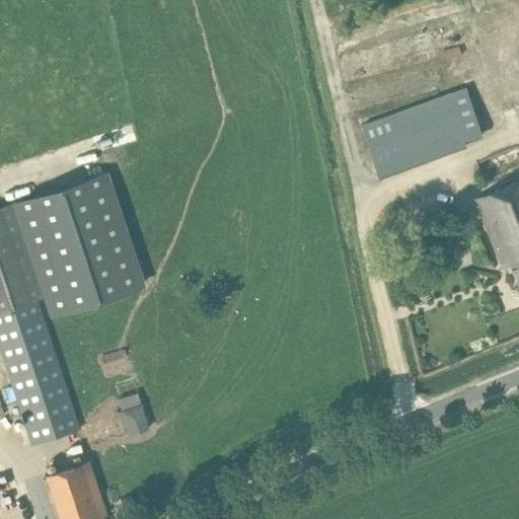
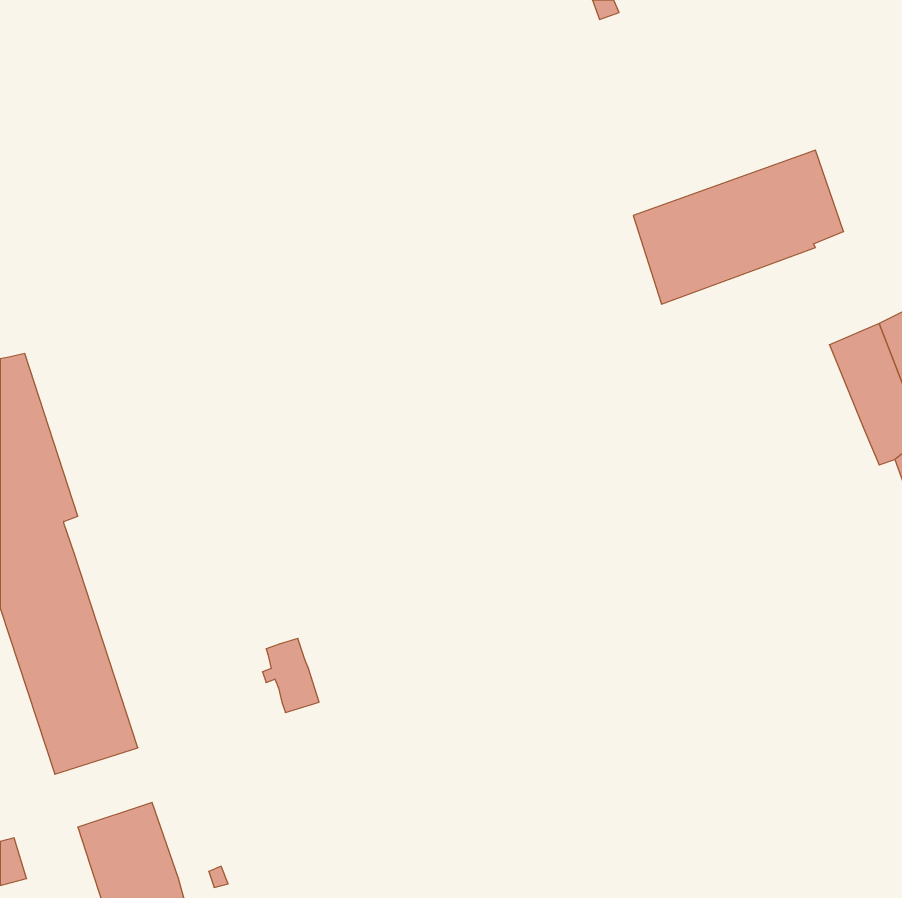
building: [15,176,142,318] -> none
building: [117,395,149,438] -> [262,638,319,713]

